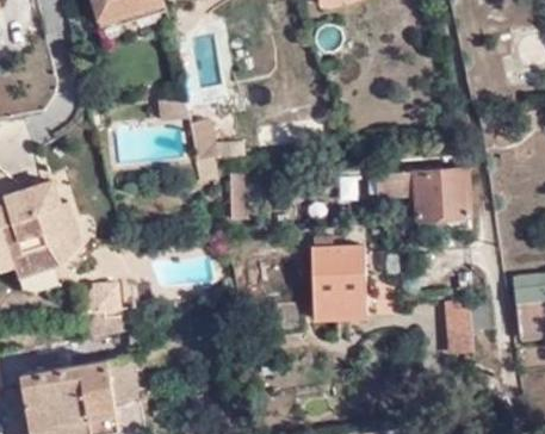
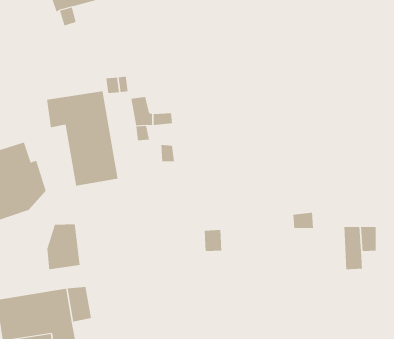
building: none -> [46,90,118,186]
building: [410,166,469,221] -> none
building: [308,237,367,321] -> none

